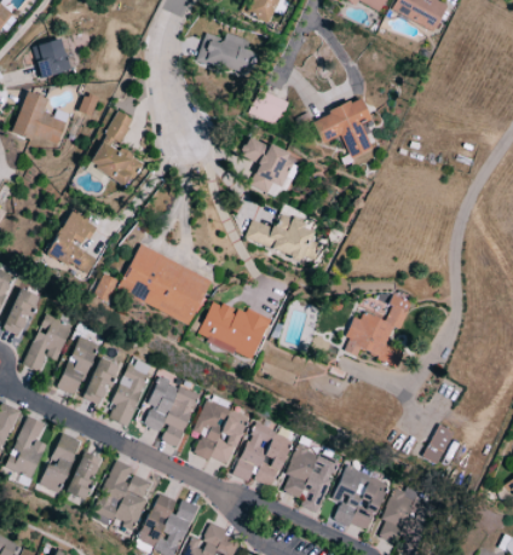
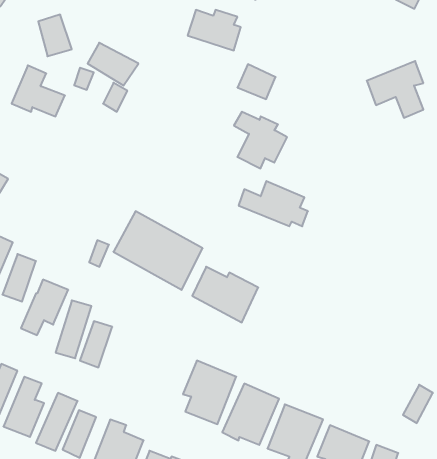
building: [312,98,371,157] -> [367,61,423,118]
building: [92,141,145,186] -> [88,43,138,86]
building: [52,210,99,271] -> none
building: [344,295,410,365] -> none
building: [109,359,151,427] -> none
building: [144,376,200,447] -> none

